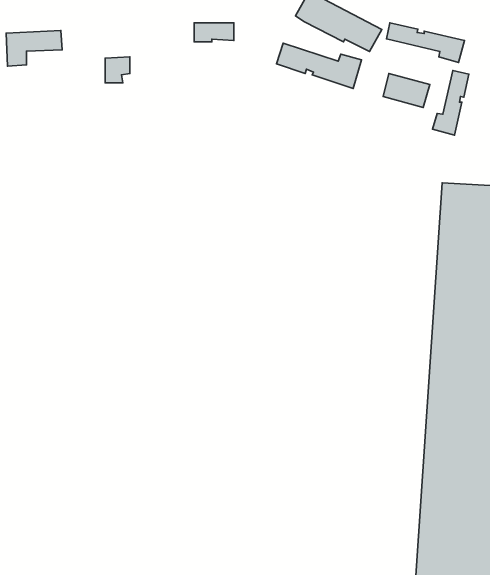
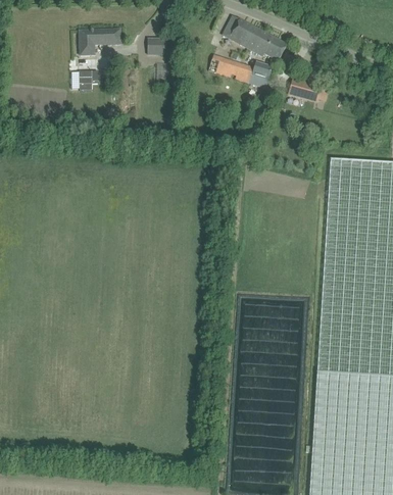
building: [386,23,464,62] -> none
building: [6,31,62,66] -> [79,30,120,56]
building: [433,70,469,135] -> none

